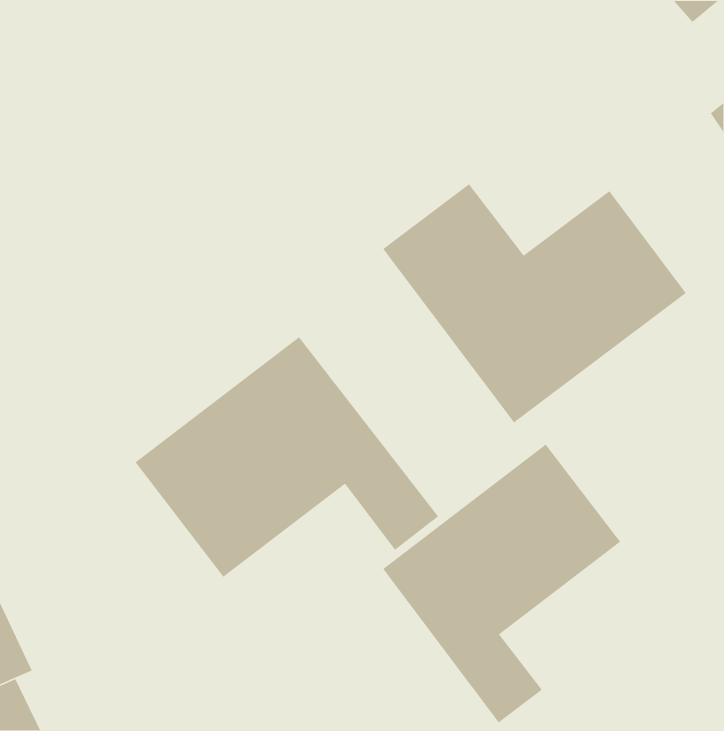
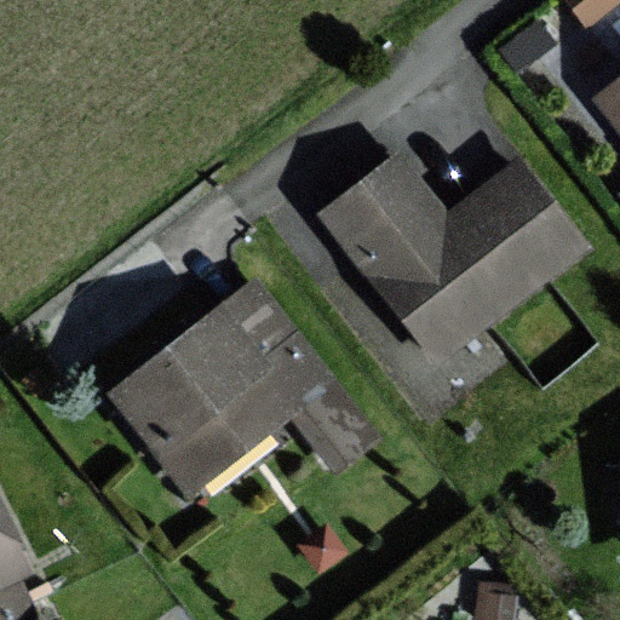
building: [382,443,621,724] -> none

